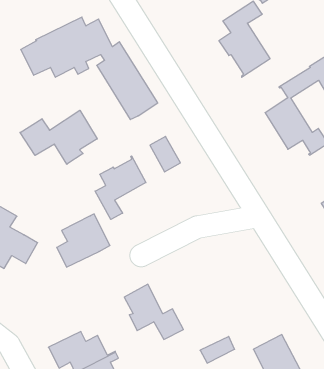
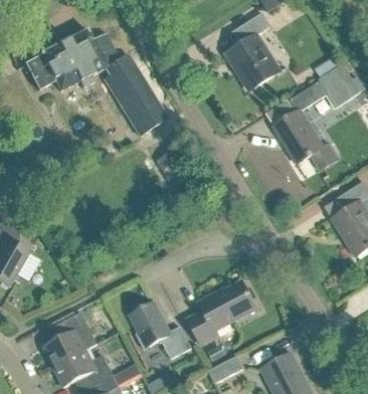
building: [20,110,97,164] -> none
building: [95,156,146,219] -> none
building: [57,214,110,267] -> [42,311,97,365]
building: none -> [186,279,255,343]

